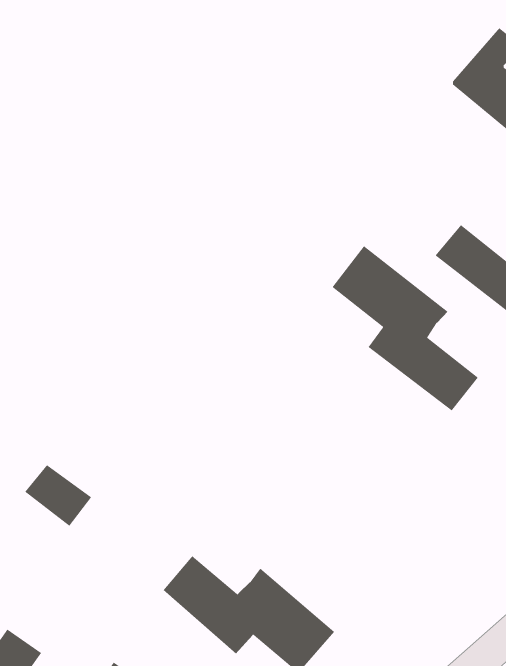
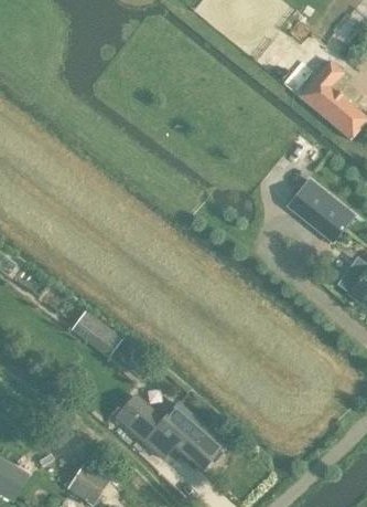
building: [331,245,479,412] -> none
building: [24,464,92,527] -> [71,310,114,350]

